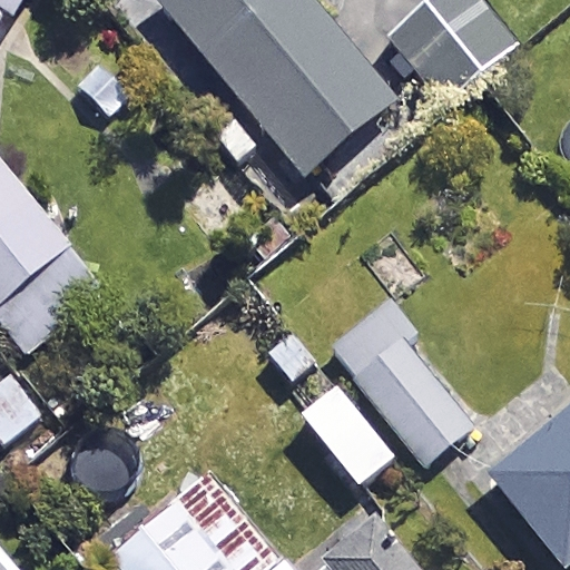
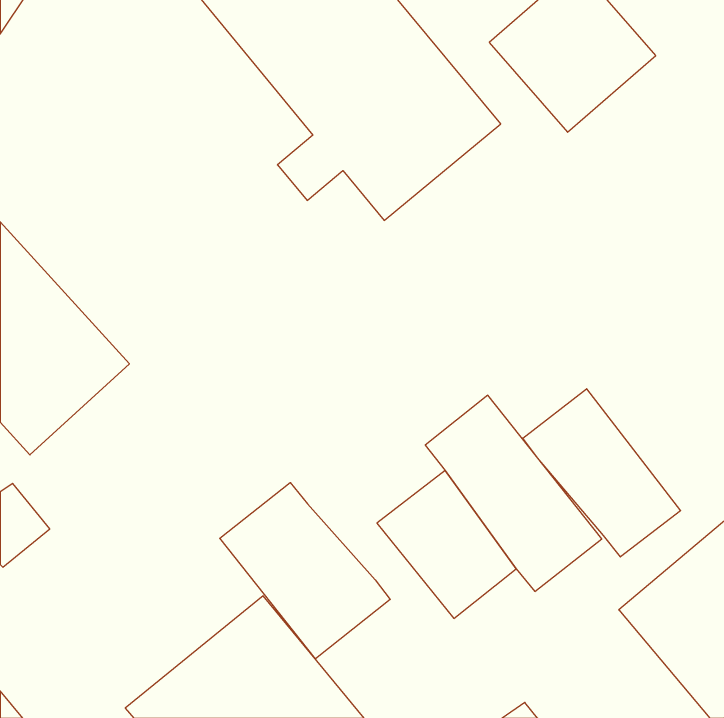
building: none -> [523,389,681,557]
building: none -> [220,483,390,659]

